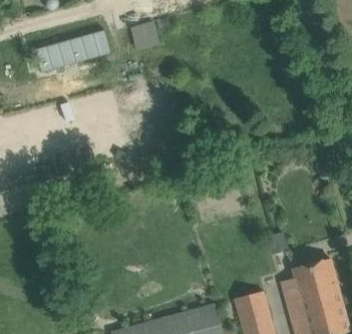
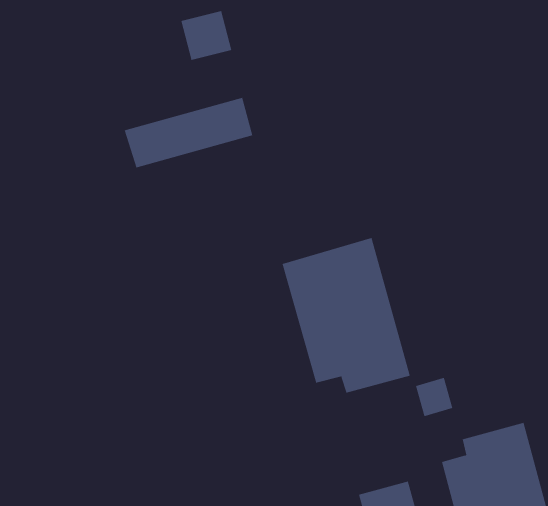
building: [34,31,109,72] -> [124,97,253,168]
building: none -> [282,237,410,394]

